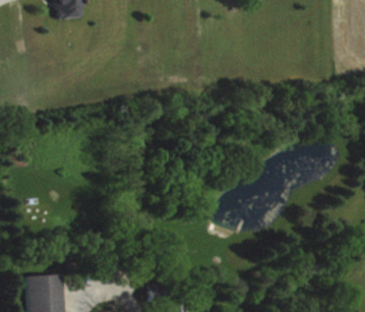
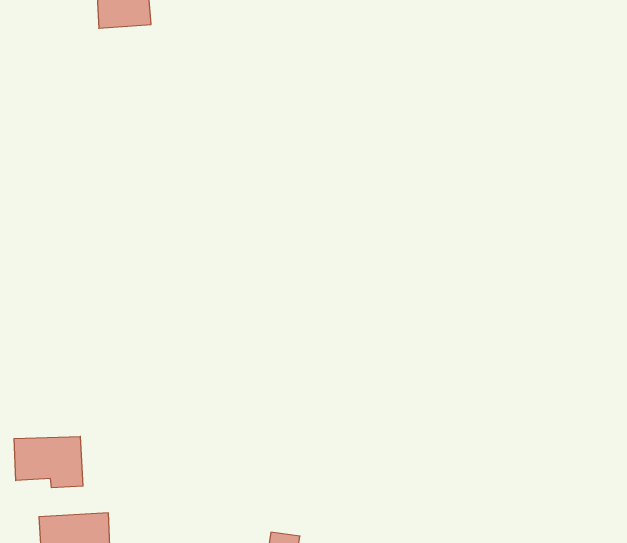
building: none -> [14,436,83,488]

